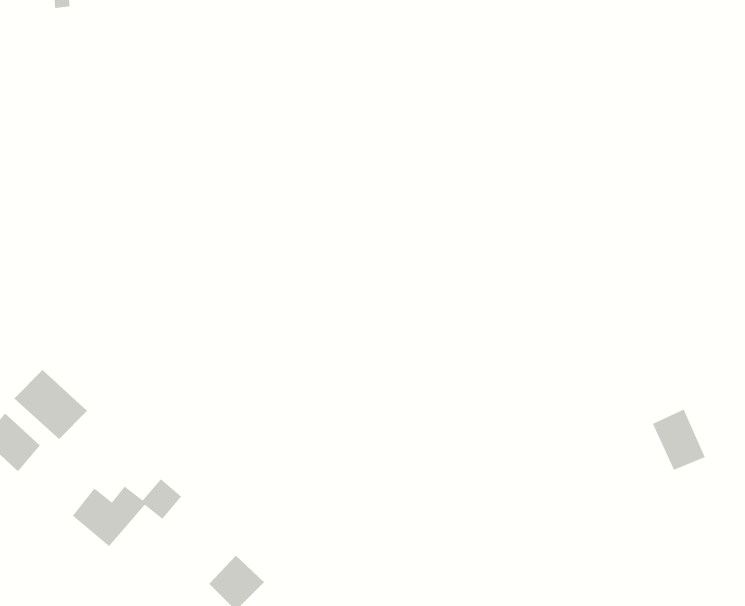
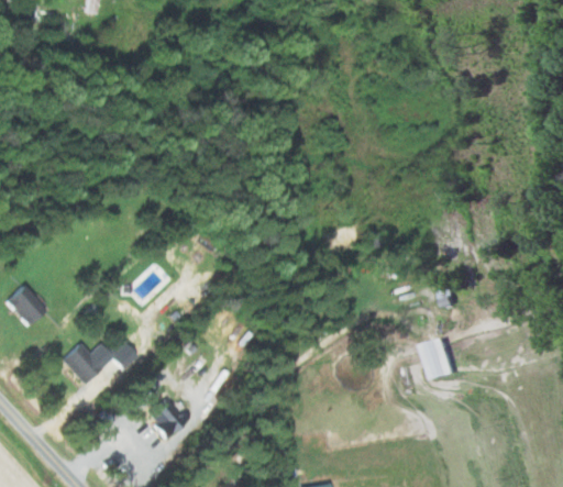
building: [14,369,88,440] -> none
building: [652,408,706,471] -> [424,336,459,378]

